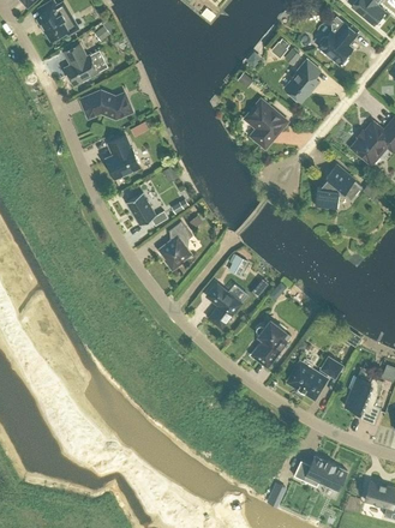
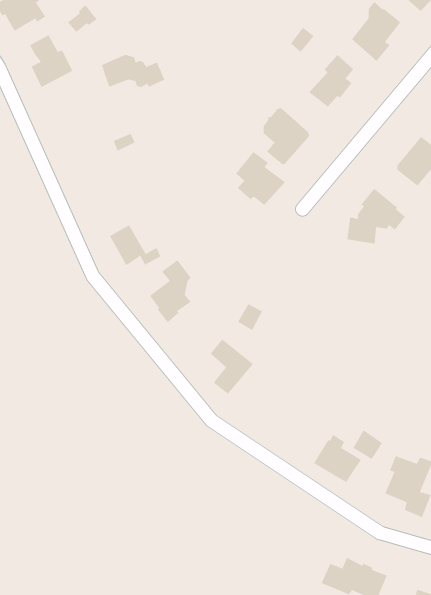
building: [82,90,132,116] -> [101,54,165,88]
building: none -> [235,151,286,206]
building: [106,134,140,178] -> none
building: [252,319,287,366] -> none

